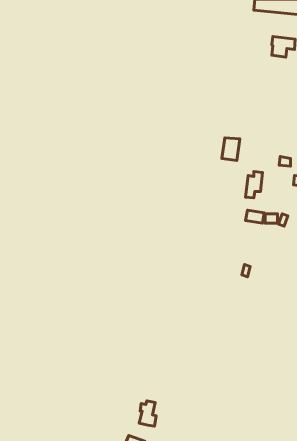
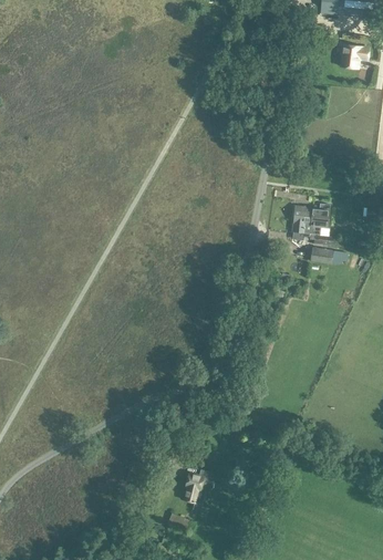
building: [222,138,240,160] -> [292,207,313,234]

